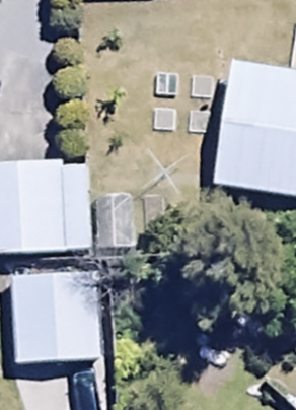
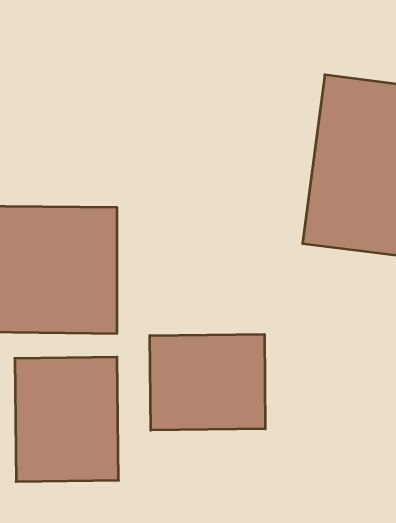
building: none -> [150,334,265,430]

